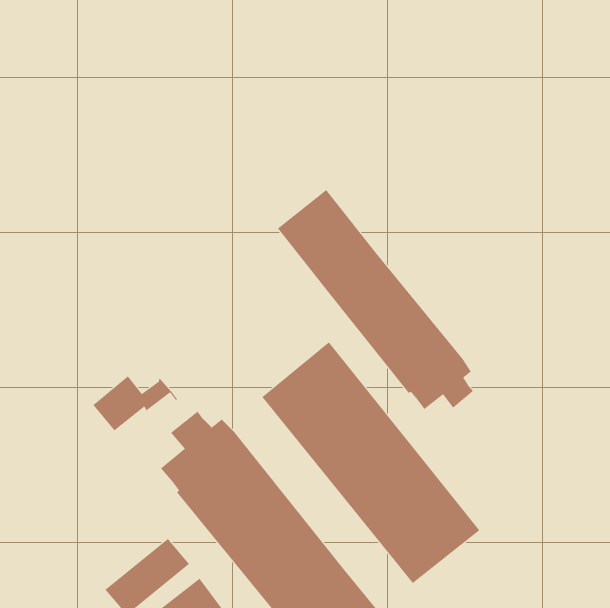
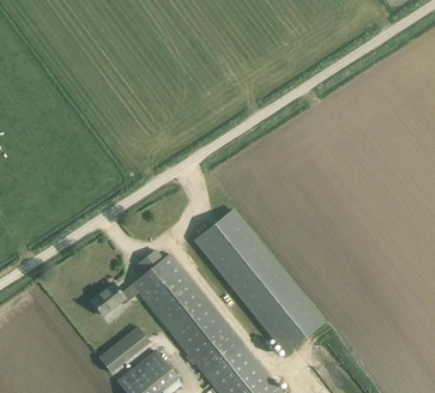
building: [277,189,474,410] -> none
building: [92,375,178,431] -> [91,283,143,316]

